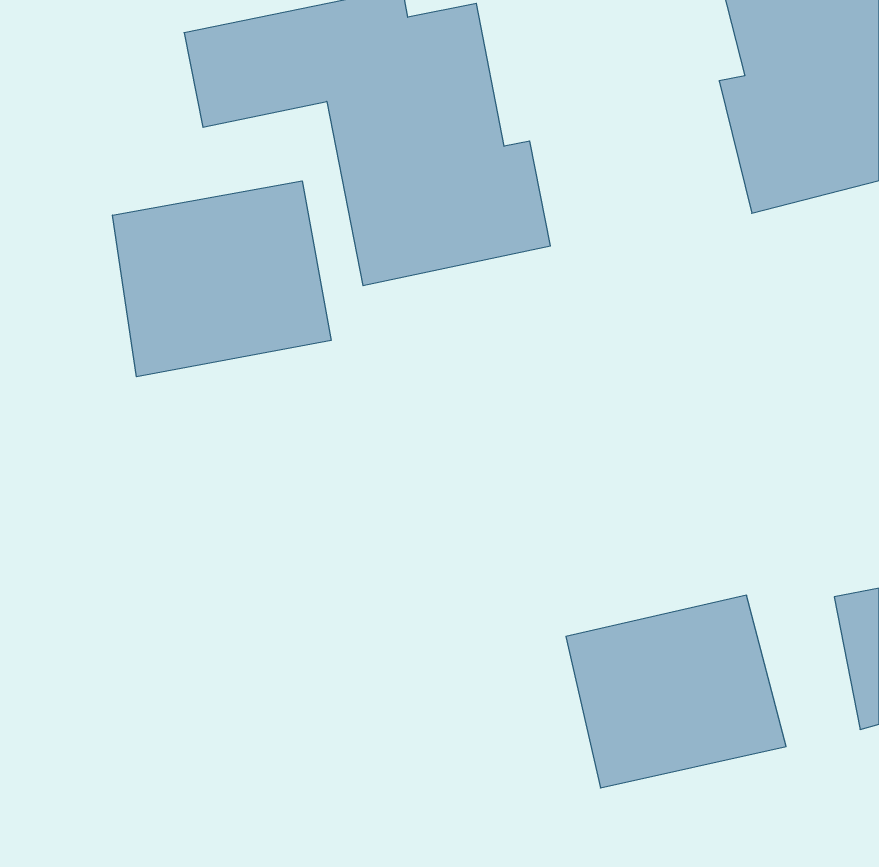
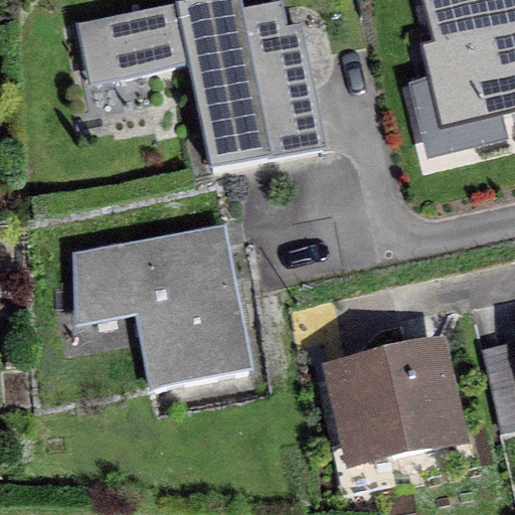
building: [113,181,331,377] -> none
building: none -> [77,235,247,386]

